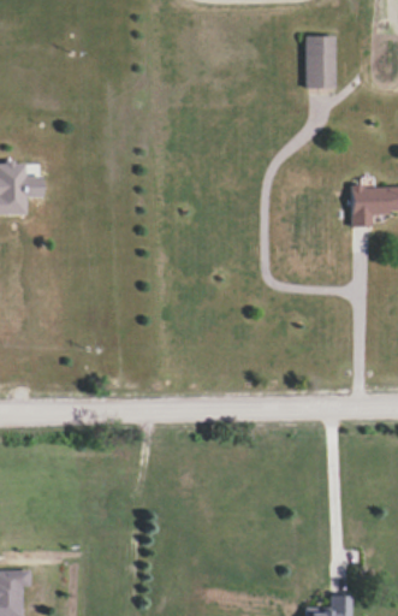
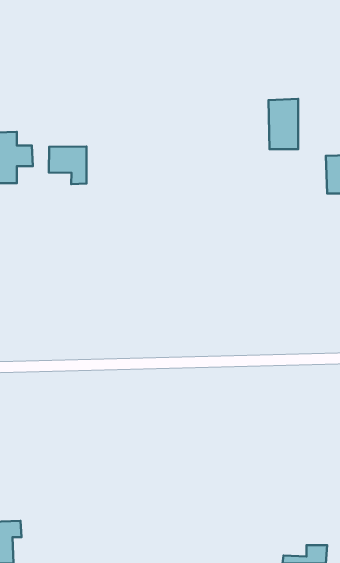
building: [305,35,337,88] -> [268,99,298,149]
building: none -> [49,147,87,184]

